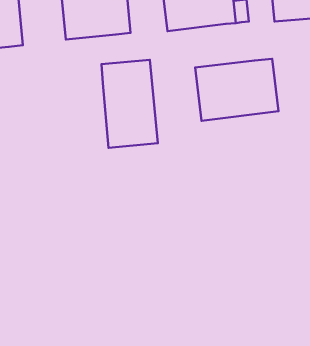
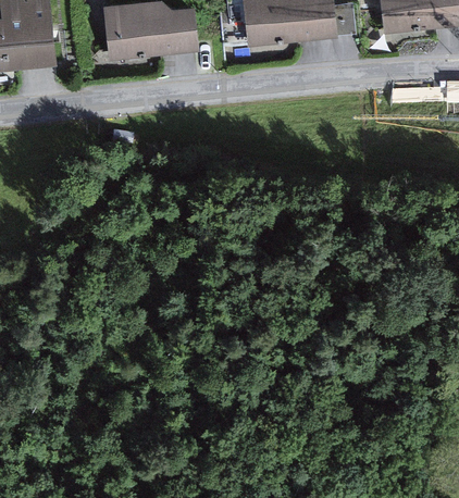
building: [195,59,278,121] -> none
building: [101,60,158,148] -> none

